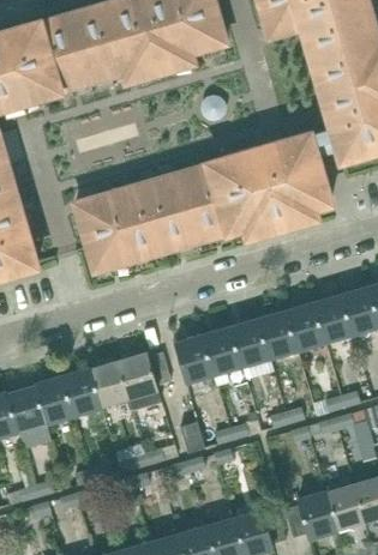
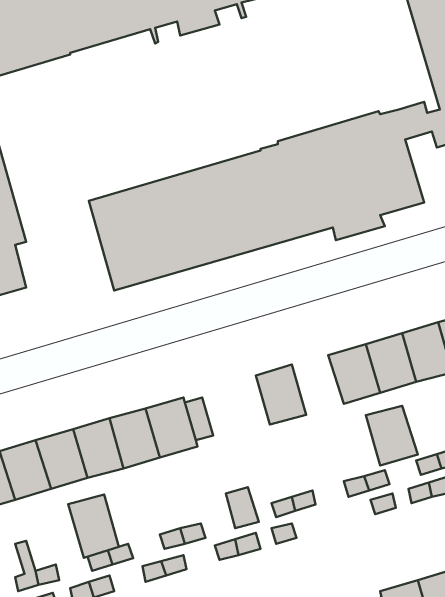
building: [229,321,269,367] -> [366,406,418,466]
building: [174,337,212,382] -> none
building: none -> [68,495,119,558]

